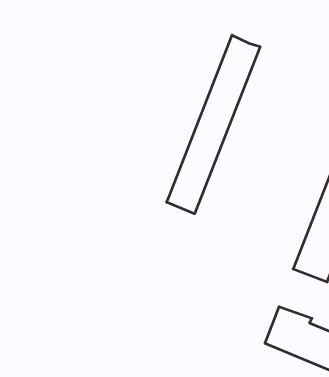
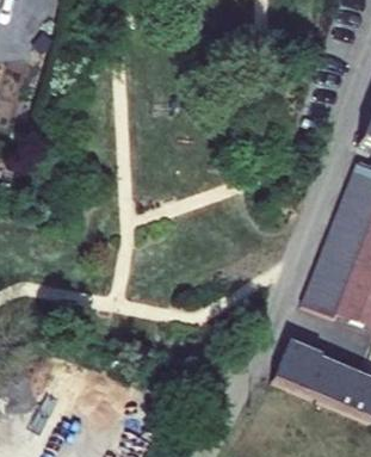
building: [167,35,260,214] -> none

